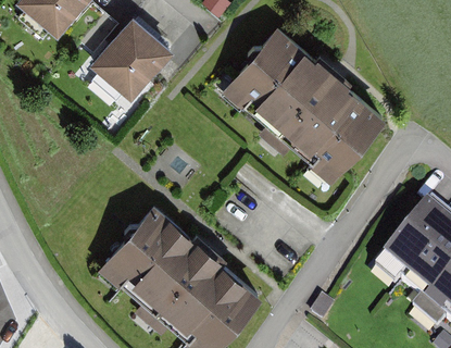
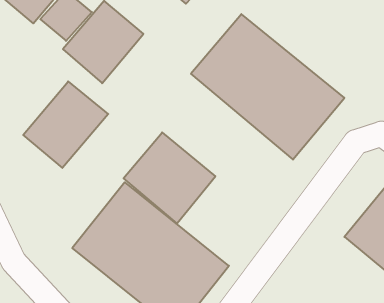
building: none -> [23,81,108,168]
building: none -> [124,132,215,224]

